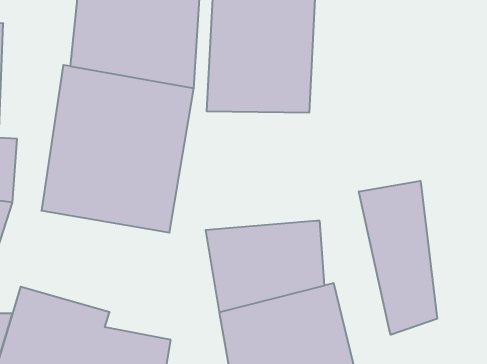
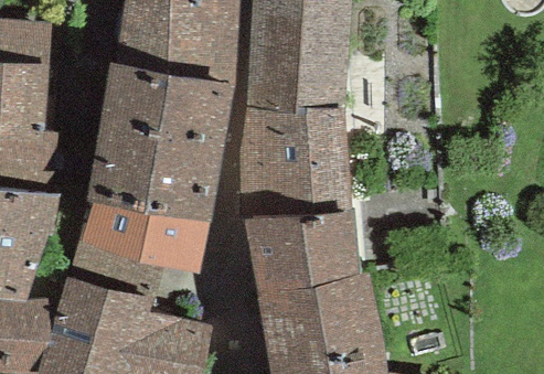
building: none -> [239,107,350,221]
building: [359,181,437,335] -> none
building: none -> [67,202,210,299]

